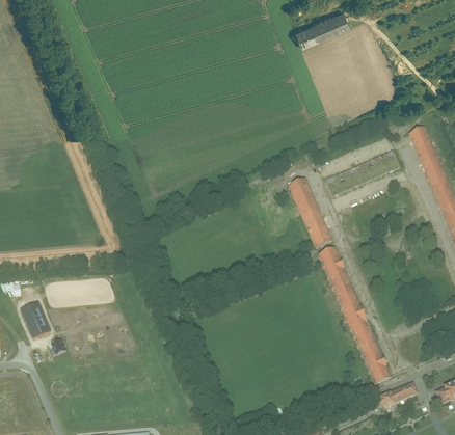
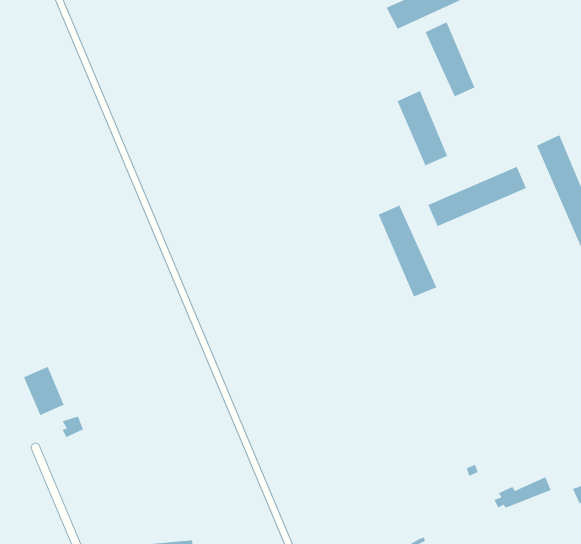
building: none -> [425,21,475,97]
building: none -> [397,90,448,166]
building: [319,248,392,383] -> none

